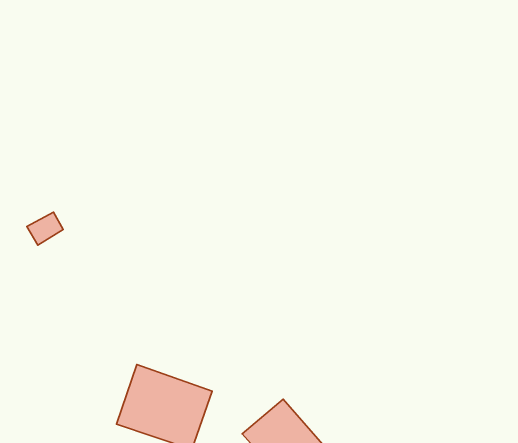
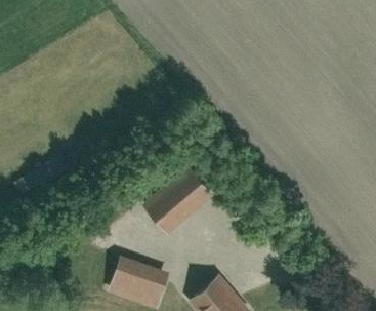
building: none -> [145,168,211,230]

